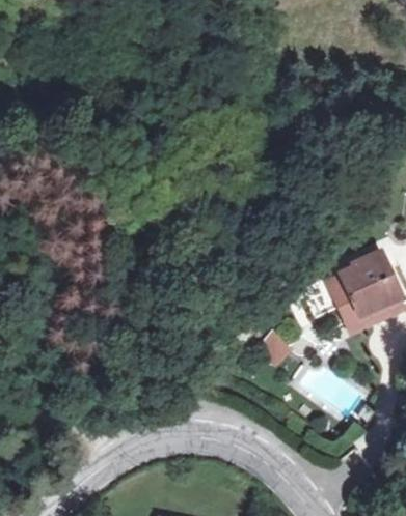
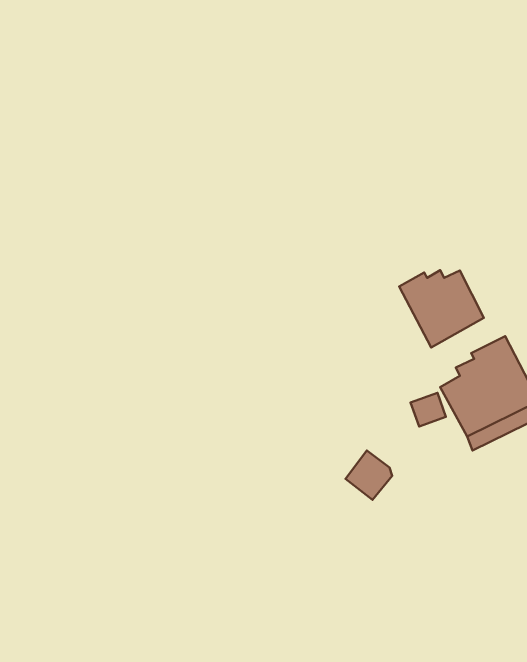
building: none -> [399,270,484,348]

